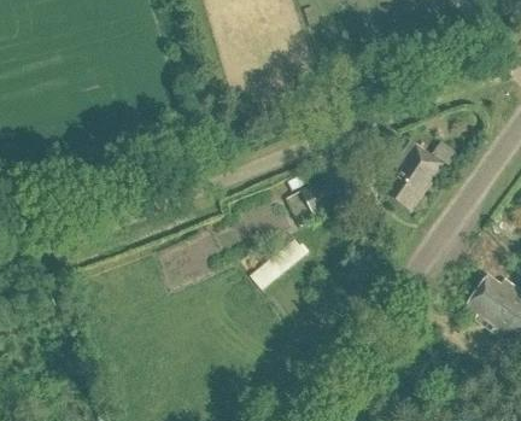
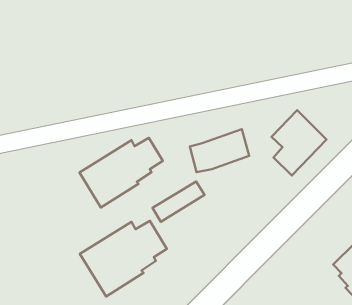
building: none -> [79,138,163,208]
building: none -> [80,221,167,297]

